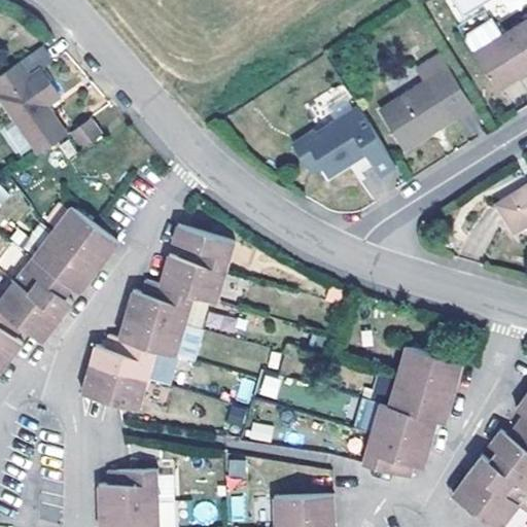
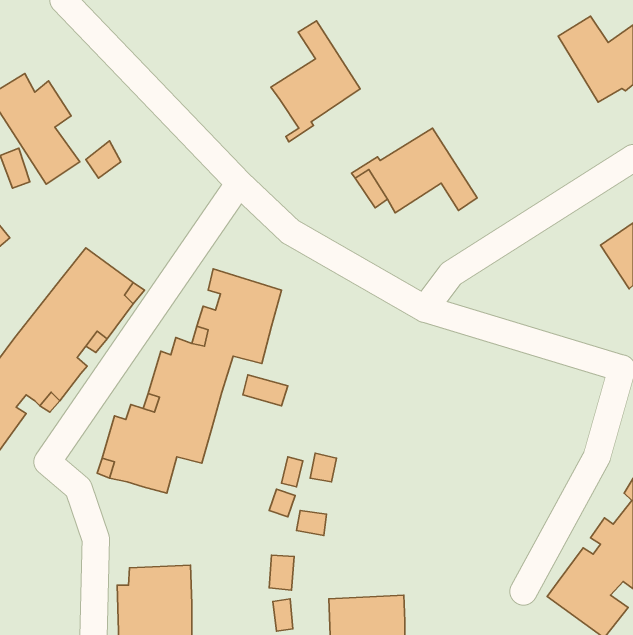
building: none -> [271,21,360,142]
building: [379,56,471,149] -> none
building: [353,345,462,478] -> none

